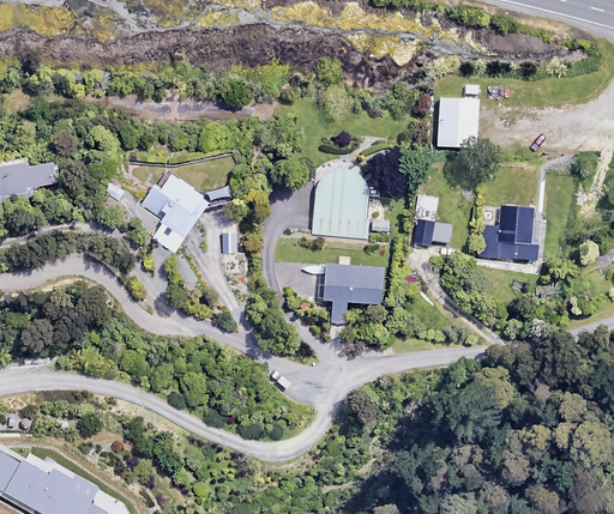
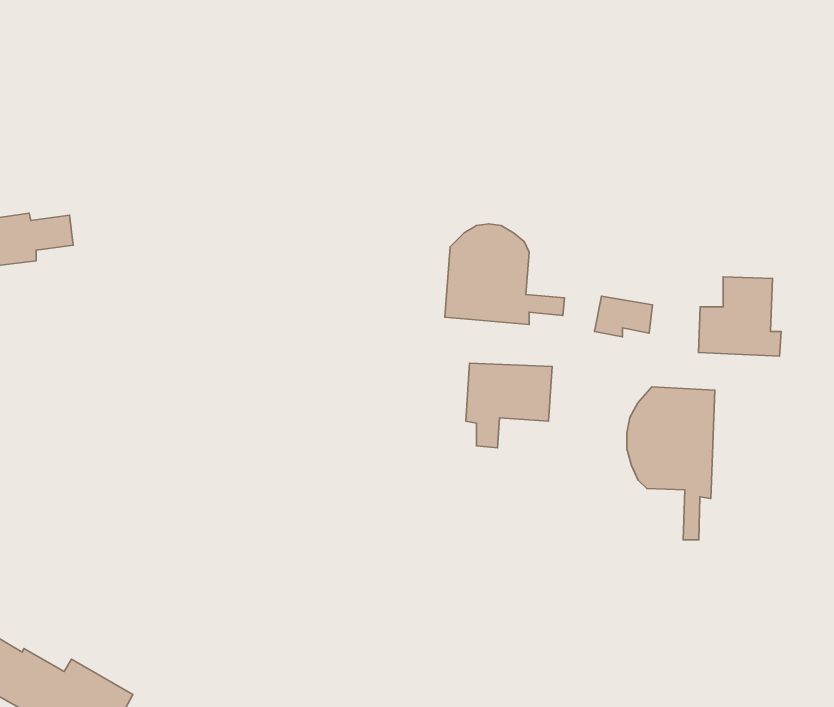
building: [437,97,477,147] -> none
building: [142,174,233,253] -> none
building: none -> [627,387,715,540]

